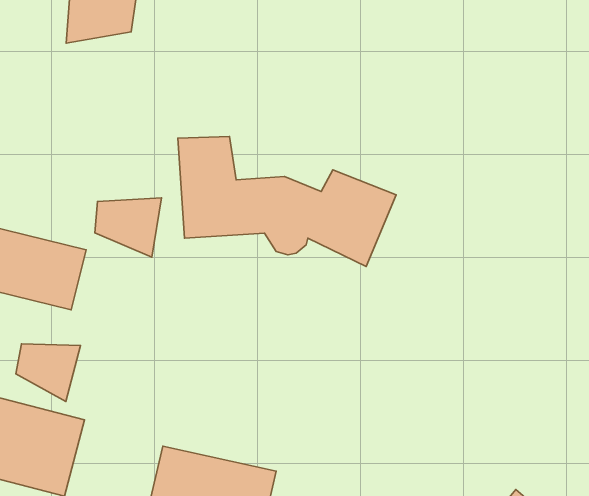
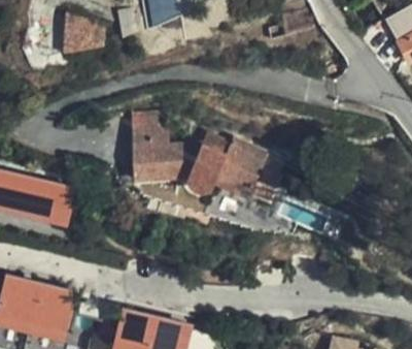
building: [95,198,161,257] -> none
building: [16,344,80,402] -> none

